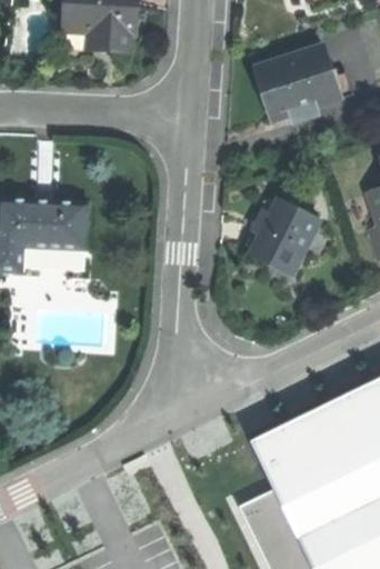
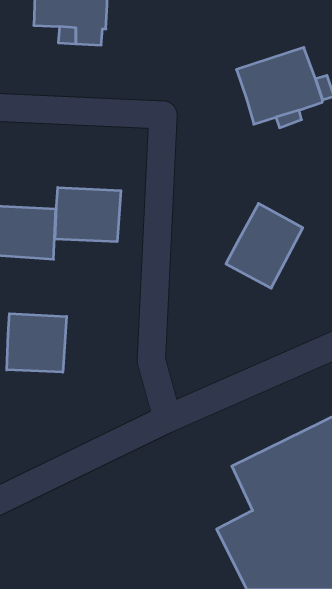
building: none -> [55,187,121,242]
building: none -> [7,314,67,372]

